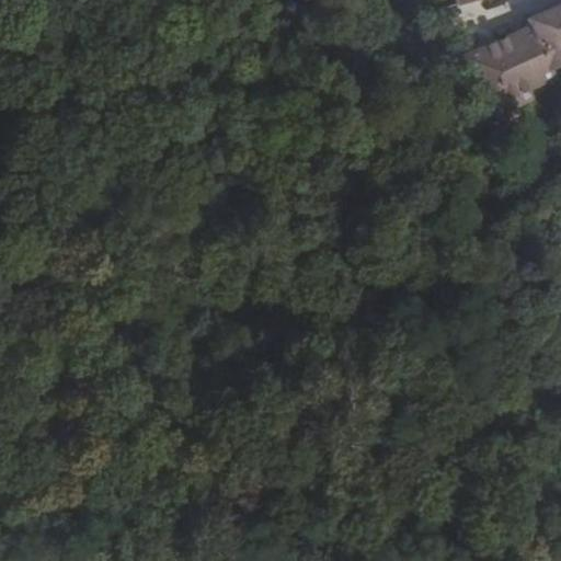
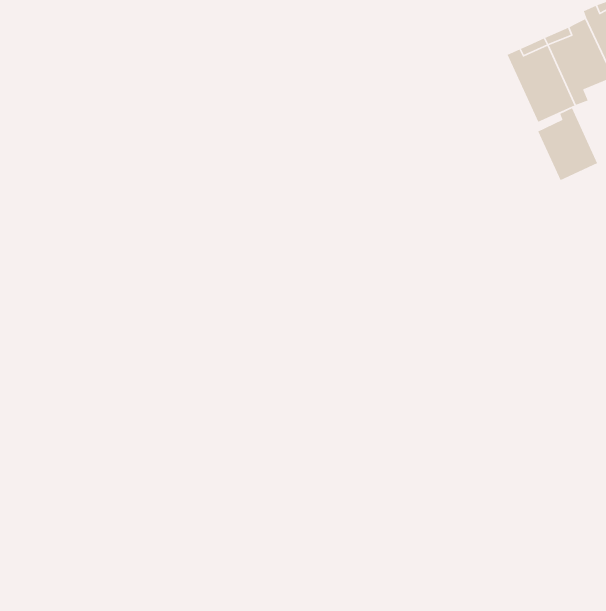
building: none -> [537,107,598,181]

